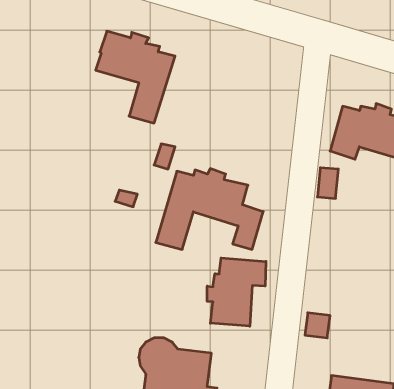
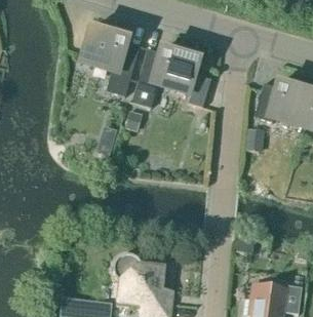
building: [156,169,263,249] -> [132,47,211,107]
building: [207,258,266,326] -> none

